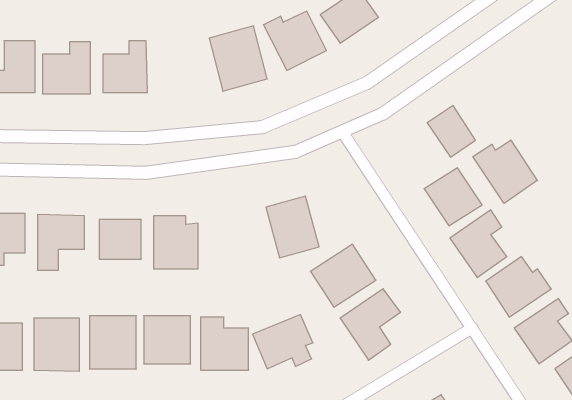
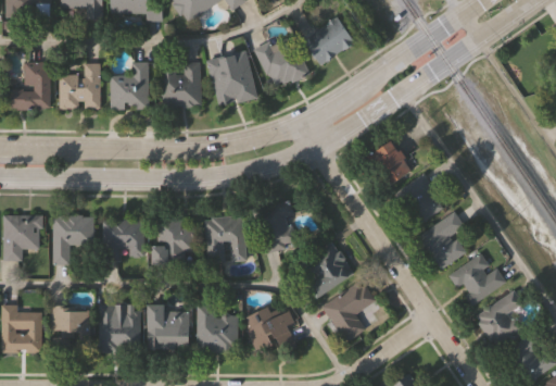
building: none -> [162,62,202,107]
building: [427,106,475,157] -> [369,139,412,185]
building: [473,140,537,203] -> none
building: none -> [206,215,248,262]

